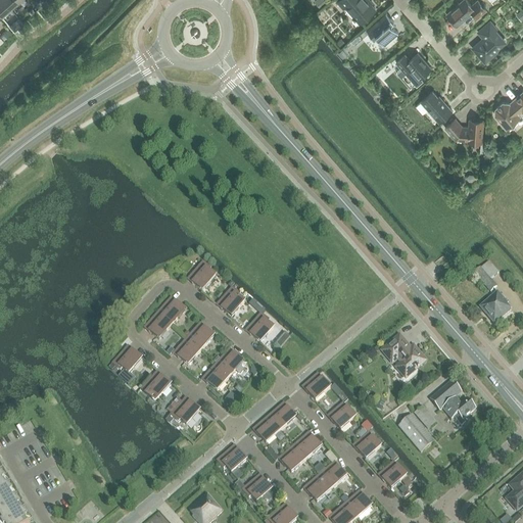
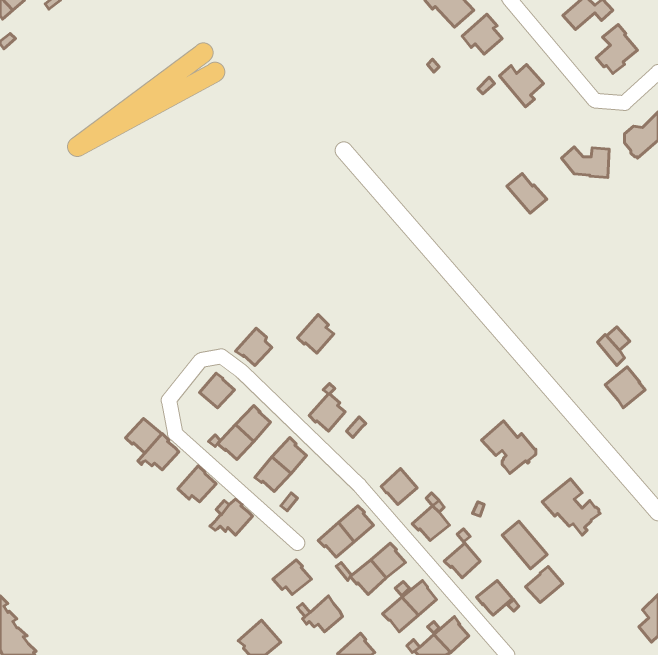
building: [421,89,453,121] -> [507,173,547,213]
building: [217,286,245,317] -> [298,315,334,353]
building: [144,312,173,339] -> [126,418,162,453]
building: none -> [526,567,563,602]

